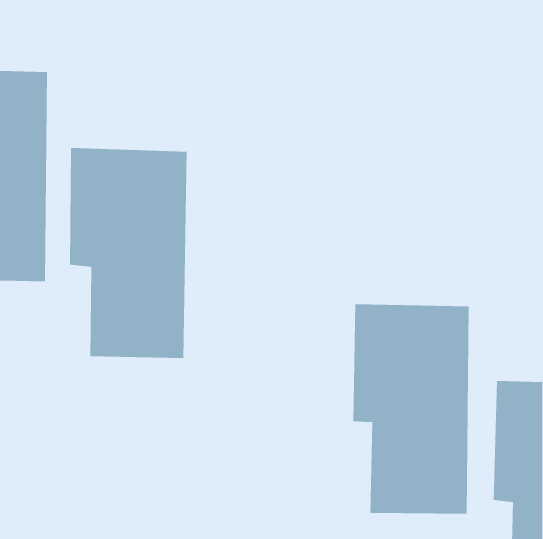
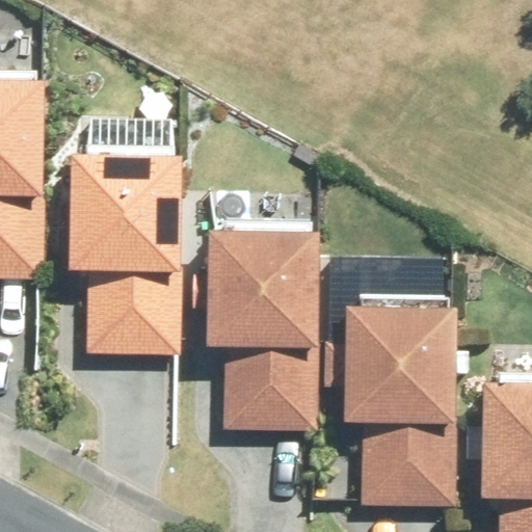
building: none -> [207,223,320,430]

